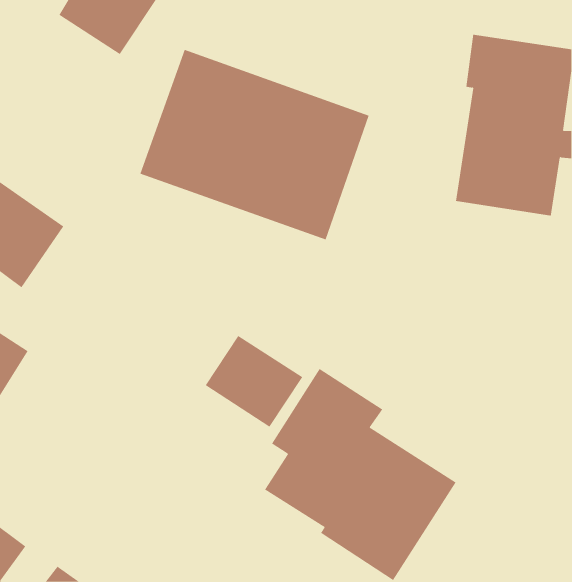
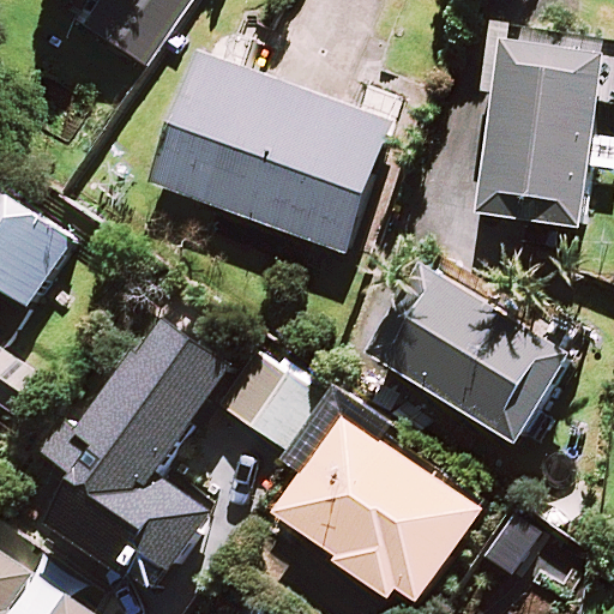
building: none -> [368,264,568,440]
building: none -> [38,320,228,591]

